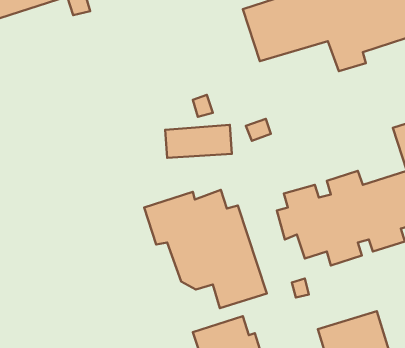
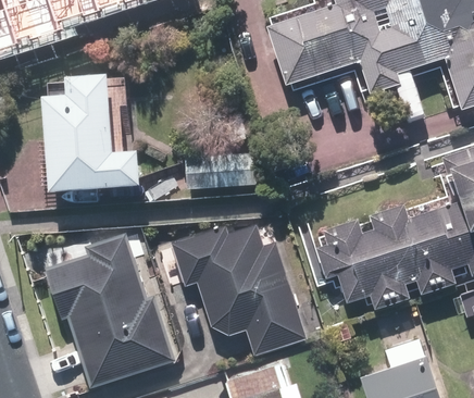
building: none -> [58,75,154,191]
building: none -> [43,233,171,386]

